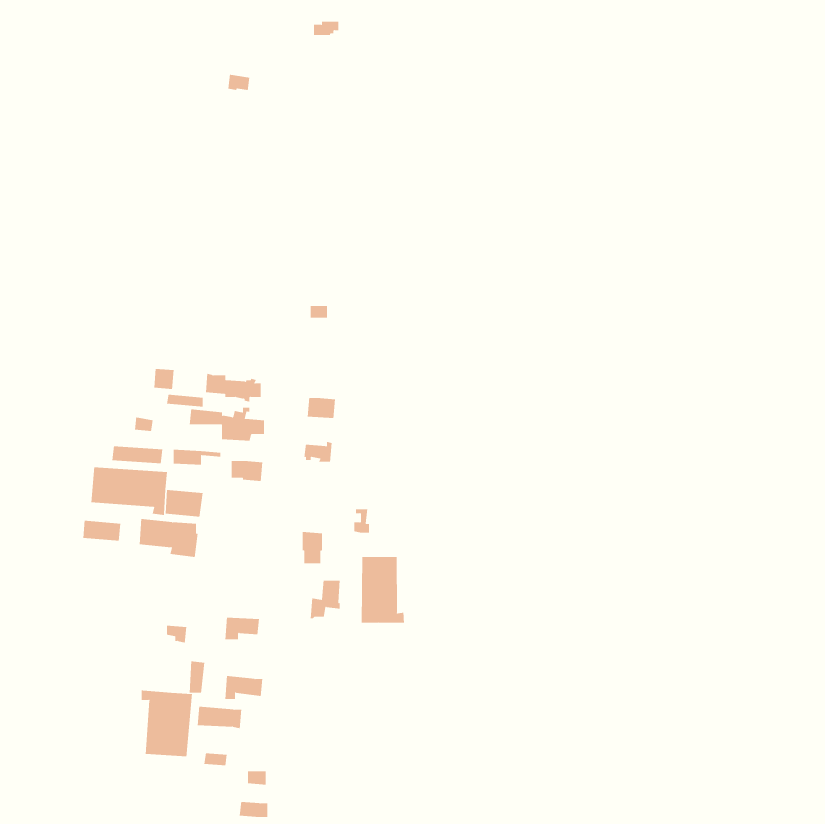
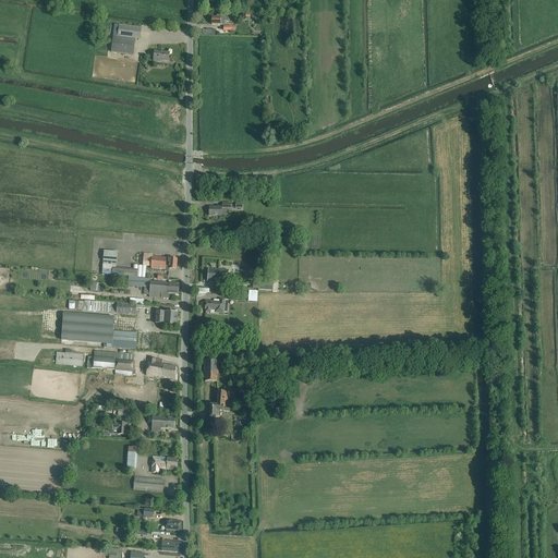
building: none -> [111,24,141,53]
building: none -> [147,356,177,378]
building: [361,556,405,624] -> none
building: [141,690,192,757] -> none

